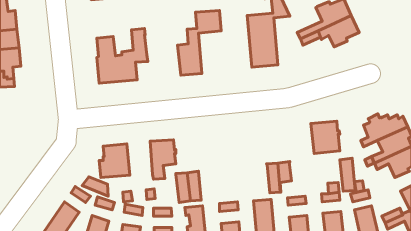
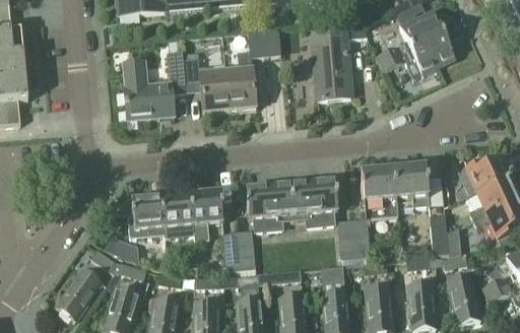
building: none -> [184,56,230,111]
building: none -> [361,169,398,217]
building: none -> [247,178,338,228]
building: none -> [161,191,194,236]

